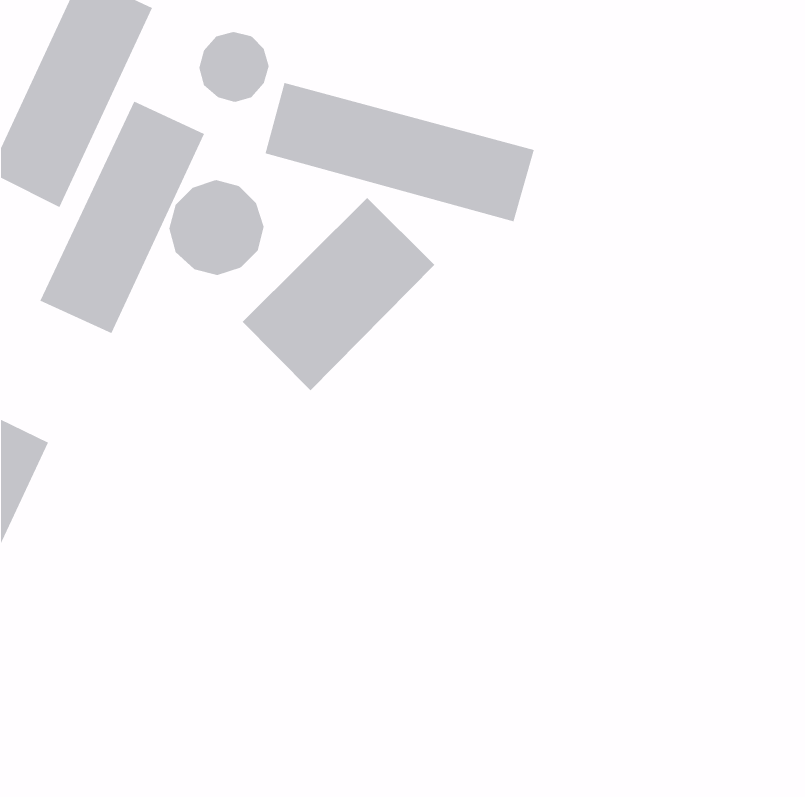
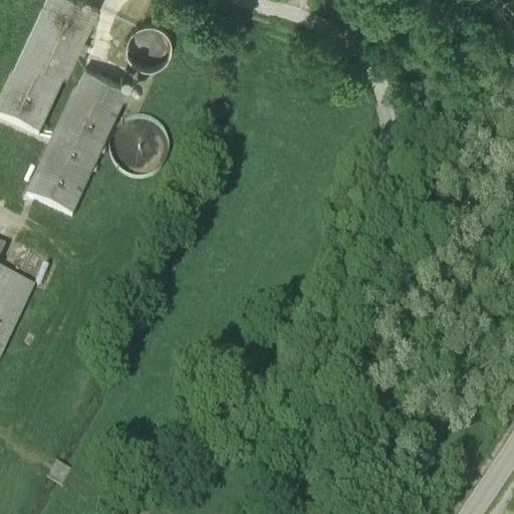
building: [265,82,535,222] -> none
building: [242,197,435,391] -> none

